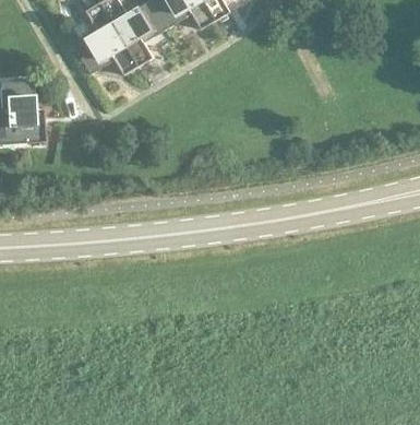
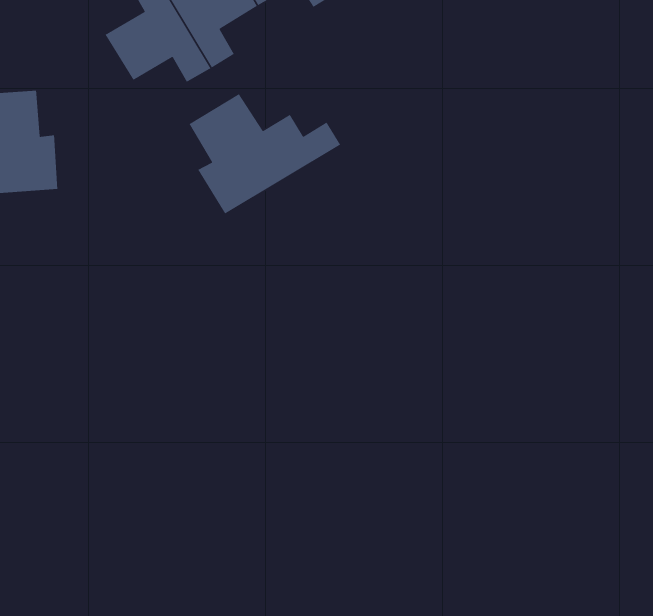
building: none -> [189,93,341,215]

